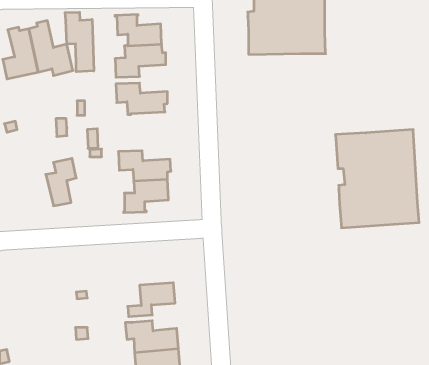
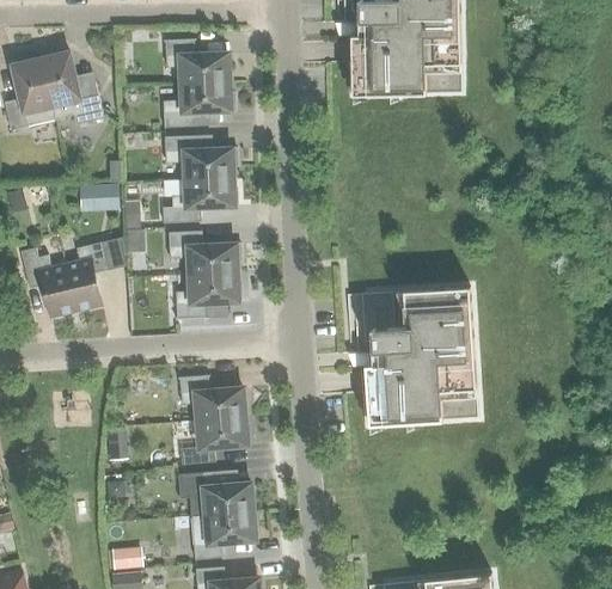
building: [65,12,94,72] -> none
building: none -> [164,176,235,222]
building: [335,130,419,228] -> [361,286,479,424]
building: none -> [22,247,76,314]
building: none -> [178,375,246,421]

